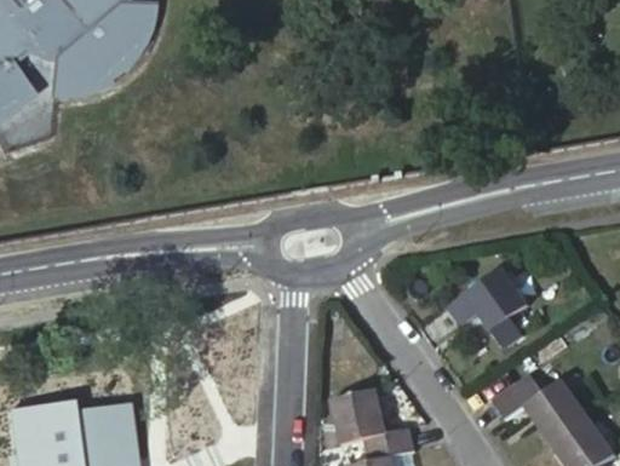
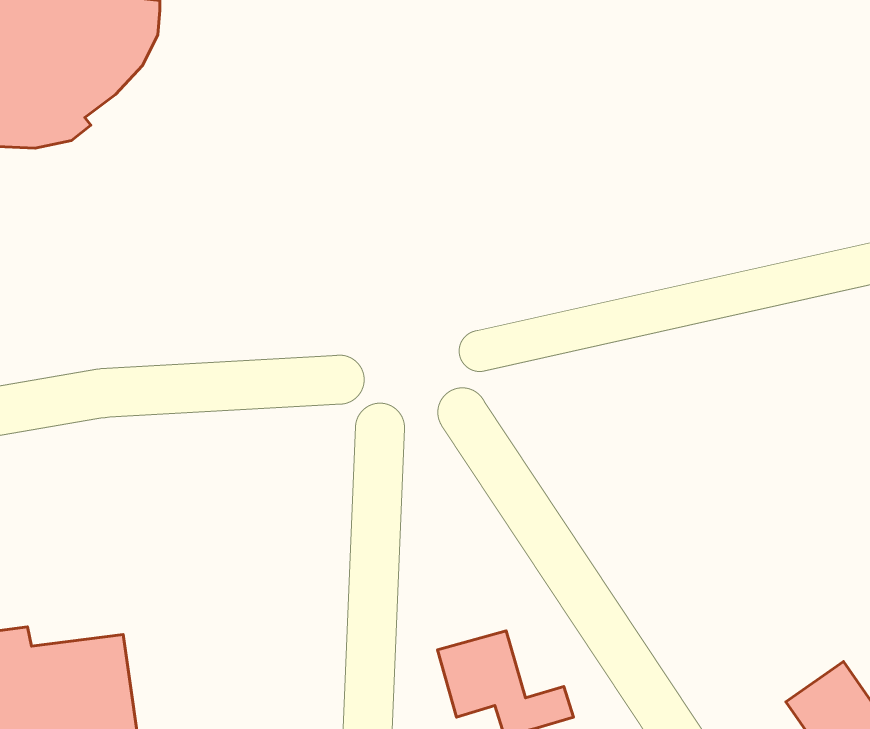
building: [453,274,530,352] -> none
building: [496,380,587,445] -> none

